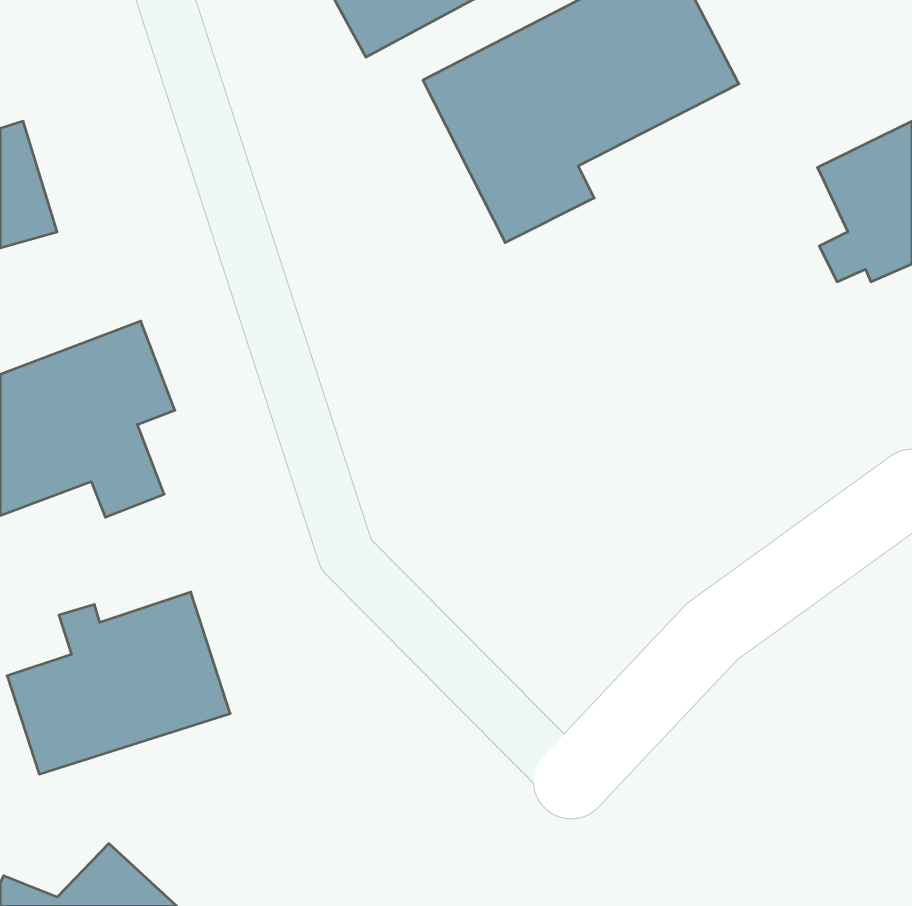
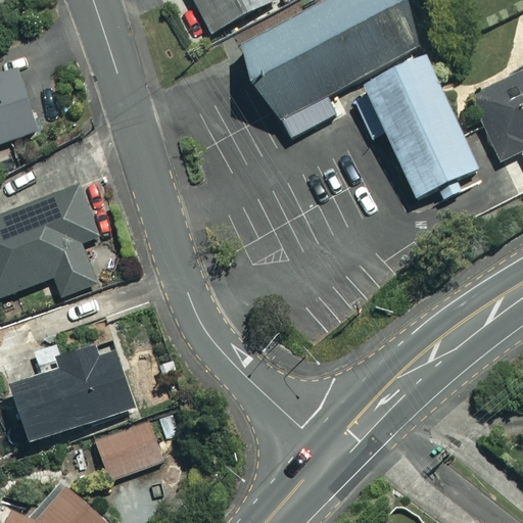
building: none -> [351,57,484,207]
building: none -> [95,422,161,479]

